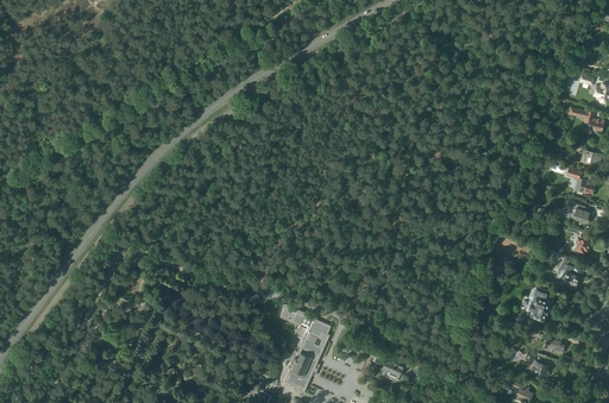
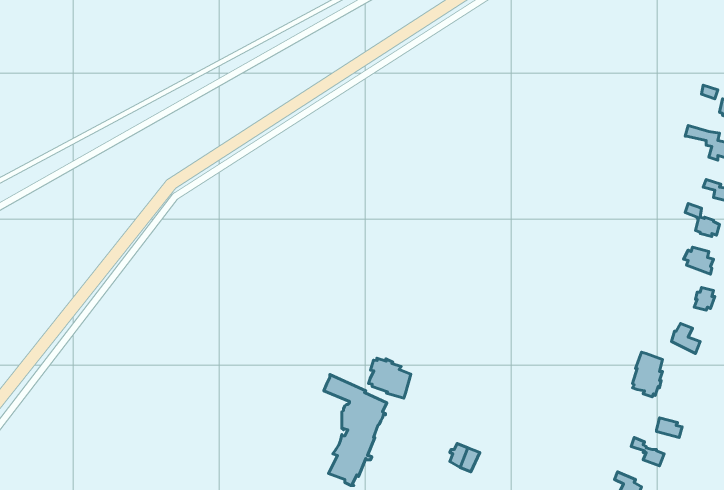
building: none -> [369,358,411,398]

